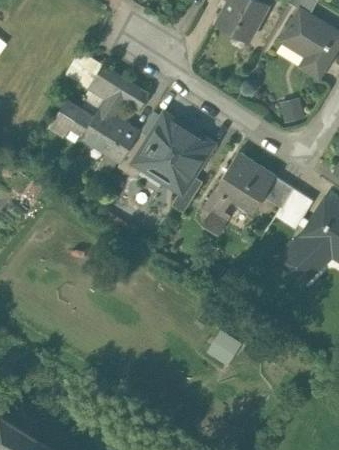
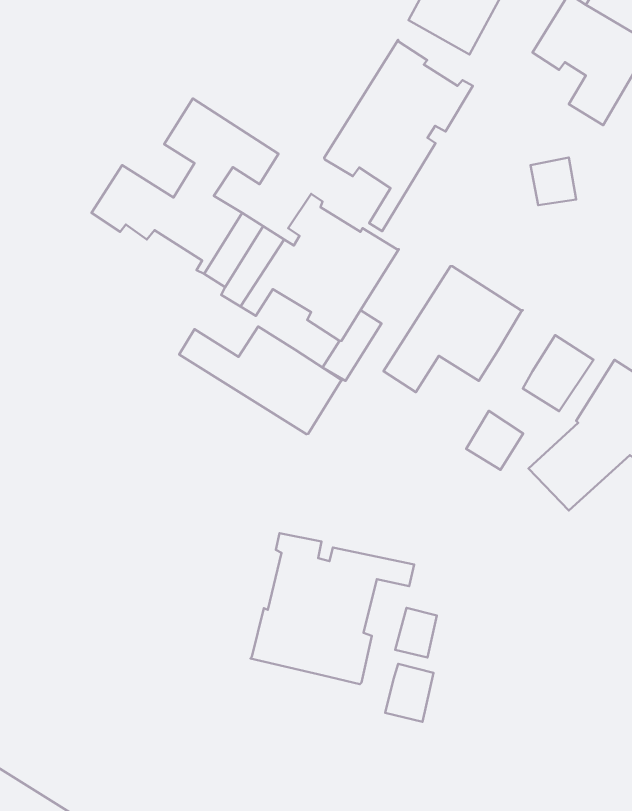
building: none -> [324,40,473,231]
building: [263,177,293,208] -> [466,411,523,470]
building: none -> [179,326,343,434]
building: none -> [250,533,414,684]
building: none -> [385,664,434,722]

